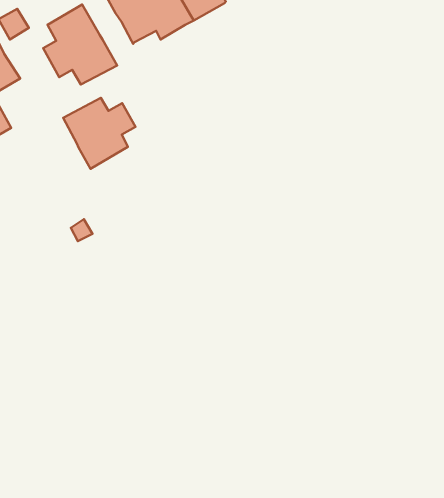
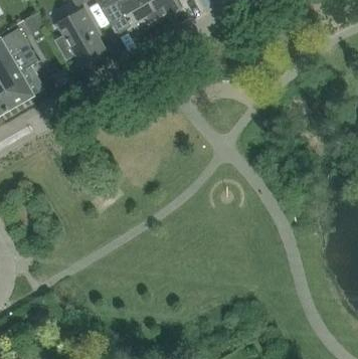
building: [63,98,136,169] -> none

